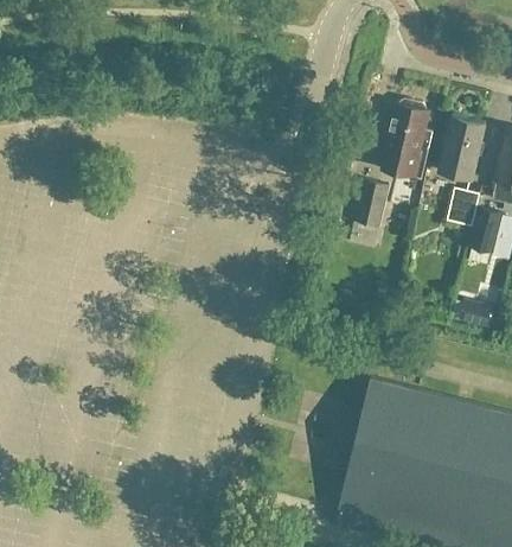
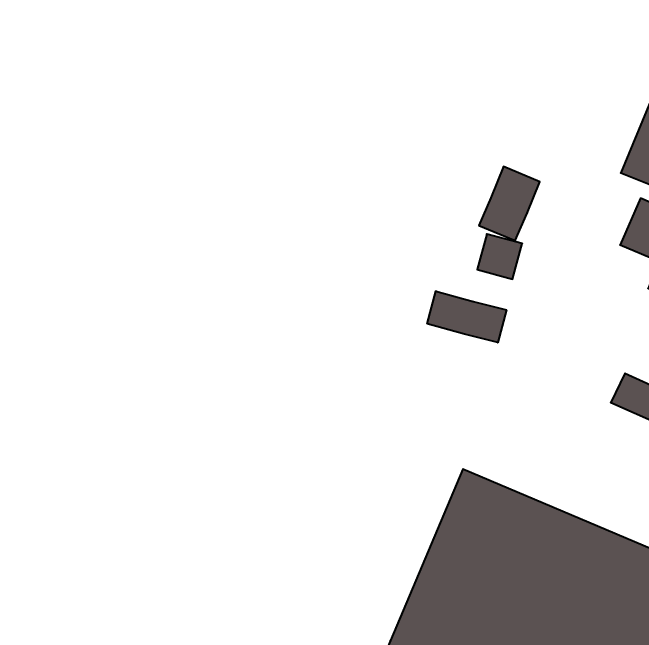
building: [383,98,434,178] -> none
building: none -> [427,291,506,343]

